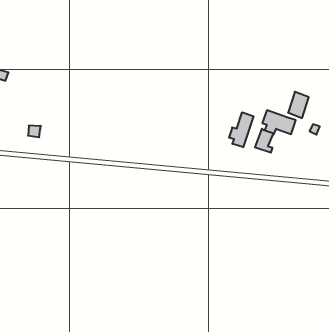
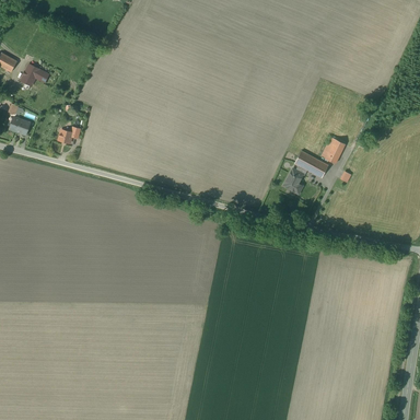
building: [229,112,254,147] -> none

